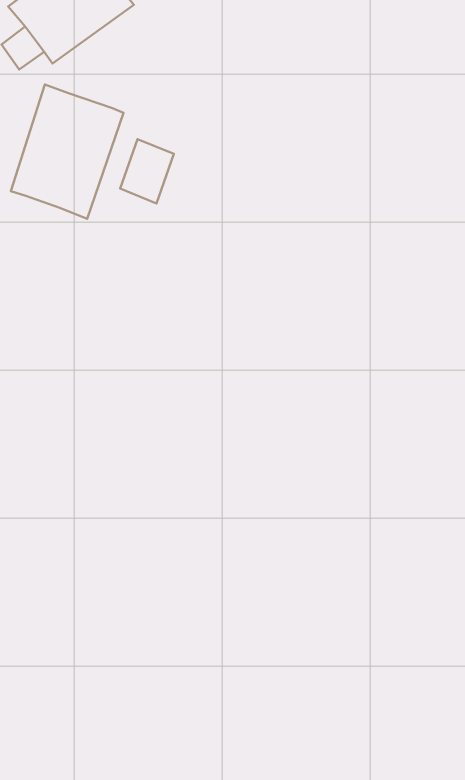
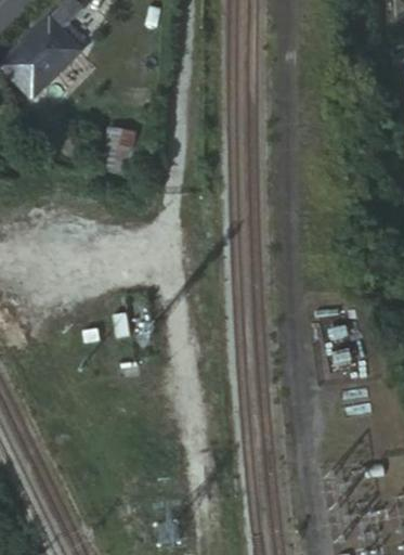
building: [11,84,124,219] -> none

